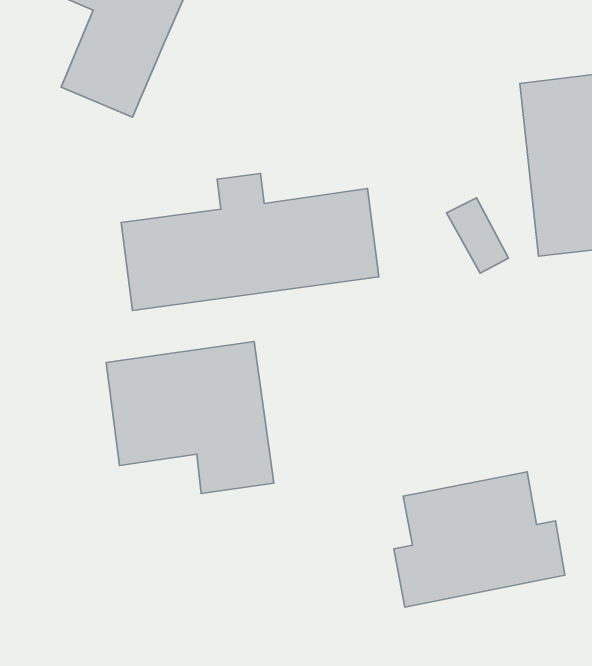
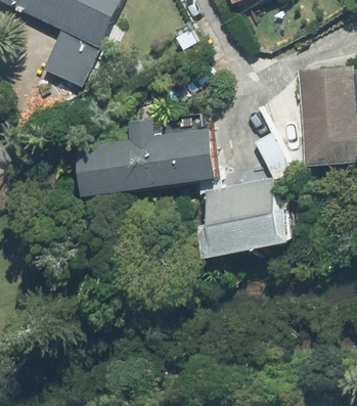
building: [106,342,274,493] -> none
building: [394,472,565,607] -> [198,179,292,253]

